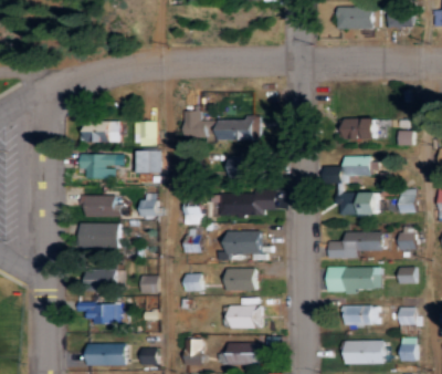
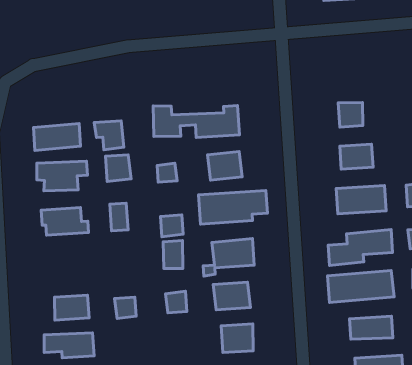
building: [80,224,119,249] -> none

